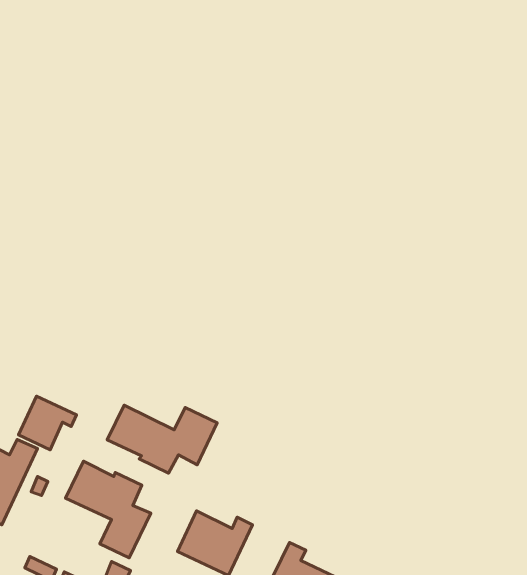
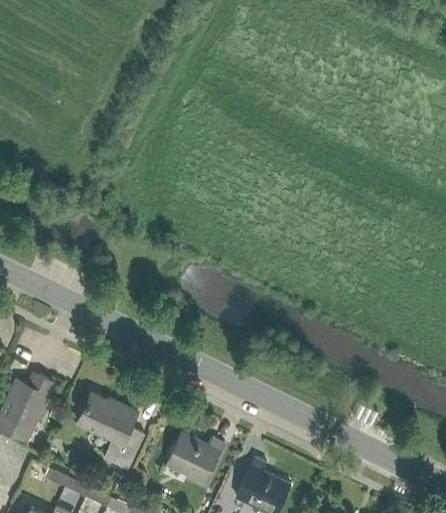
building: [18,396,76,450] -> none
building: [107,405,217,473] -> none

